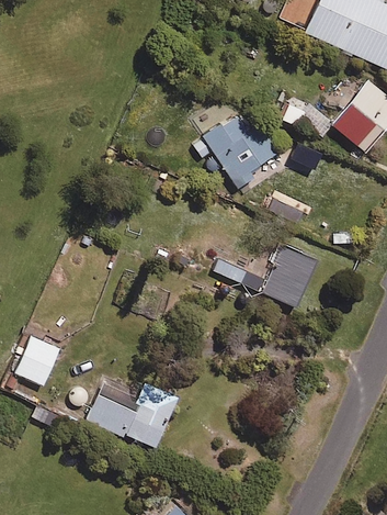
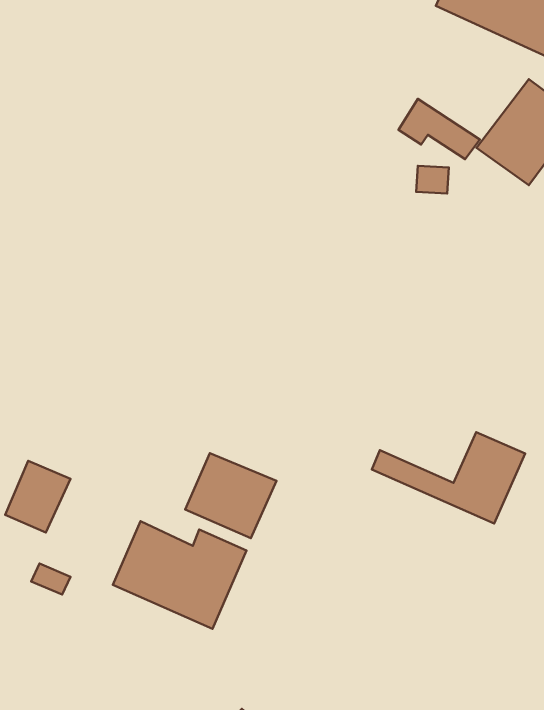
building: [193,114,276,189] -> none
building: [214,246,317,307] -> [372,432,525,523]
building: none -> [185,453,277,538]

